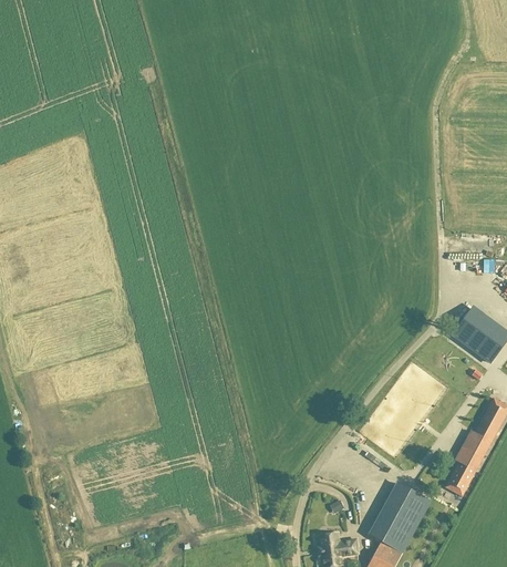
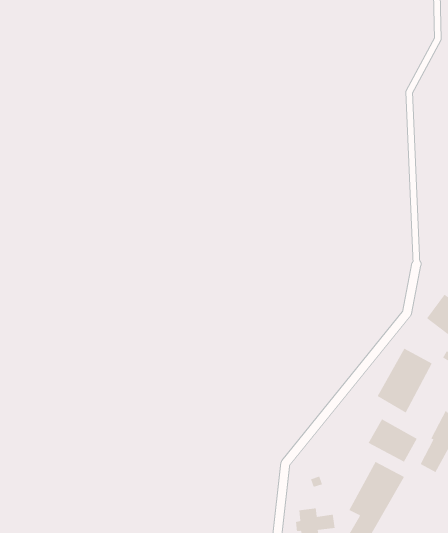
building: none -> [377,348,433,413]
building: none -> [368,418,417,463]

